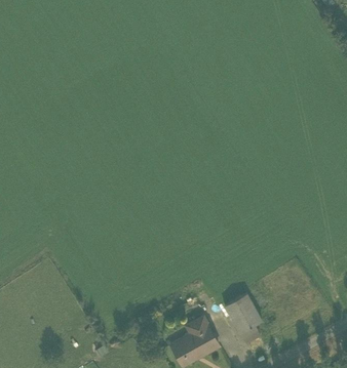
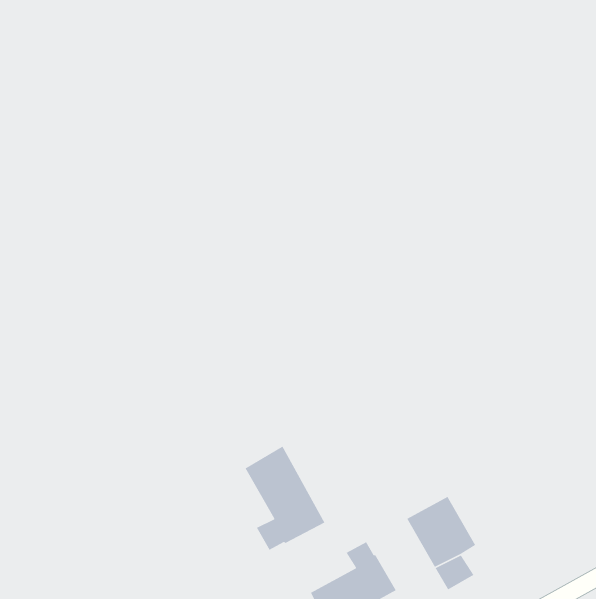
building: none -> [245,446,326,551]

